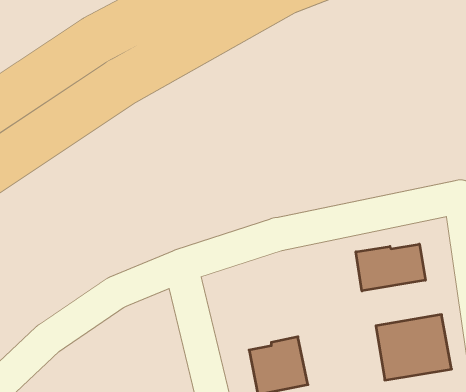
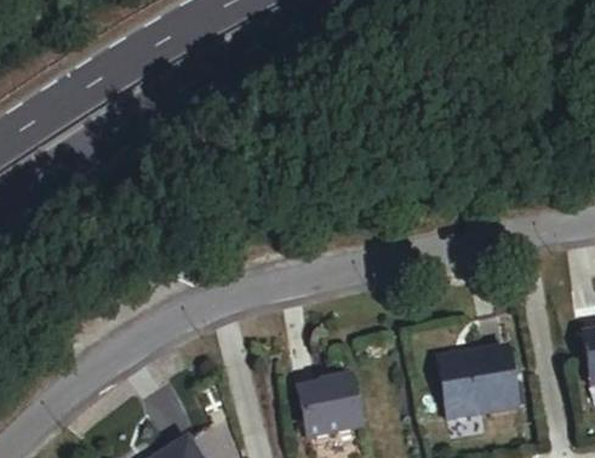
building: [356,244,425,291] -> none

